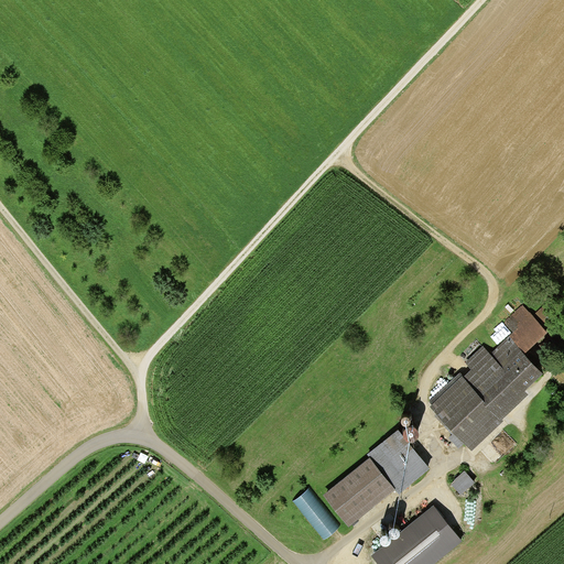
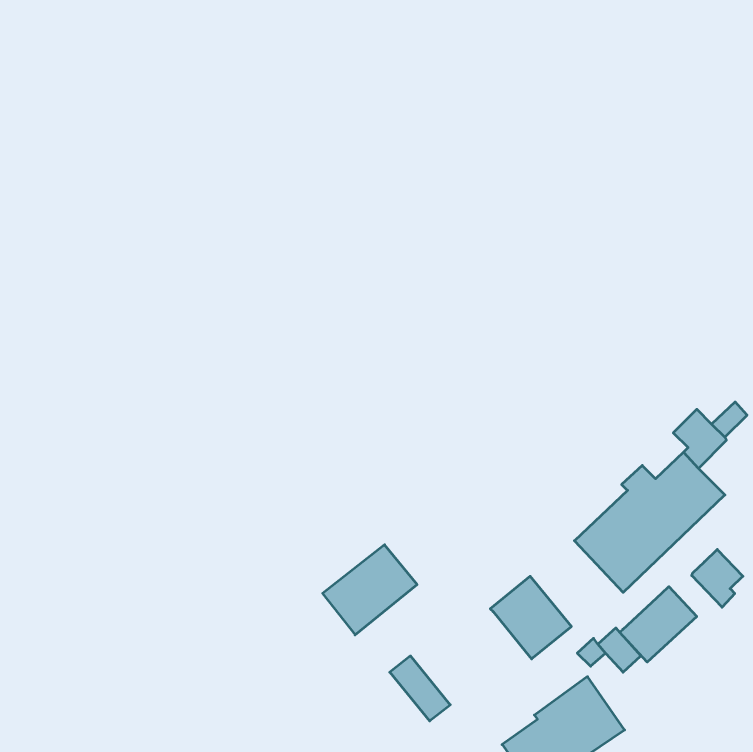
building: none -> [692,549,743,607]
building: none -> [619,587,697,662]
building: [323,458,393,525] -> [323,545,417,635]

